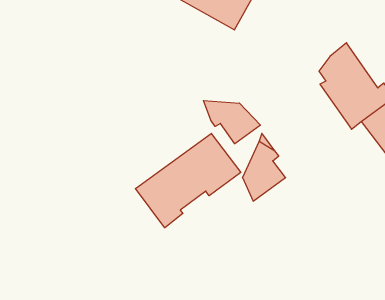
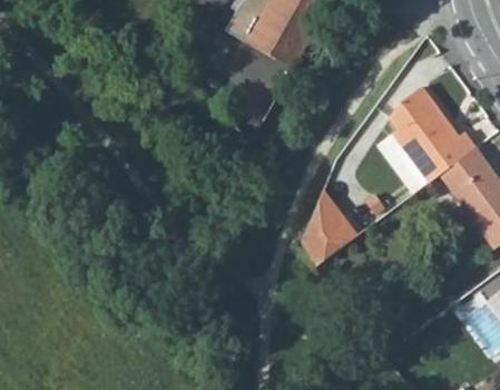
building: [203,101,260,144] -> none
building: [135,133,241,228] -> none

